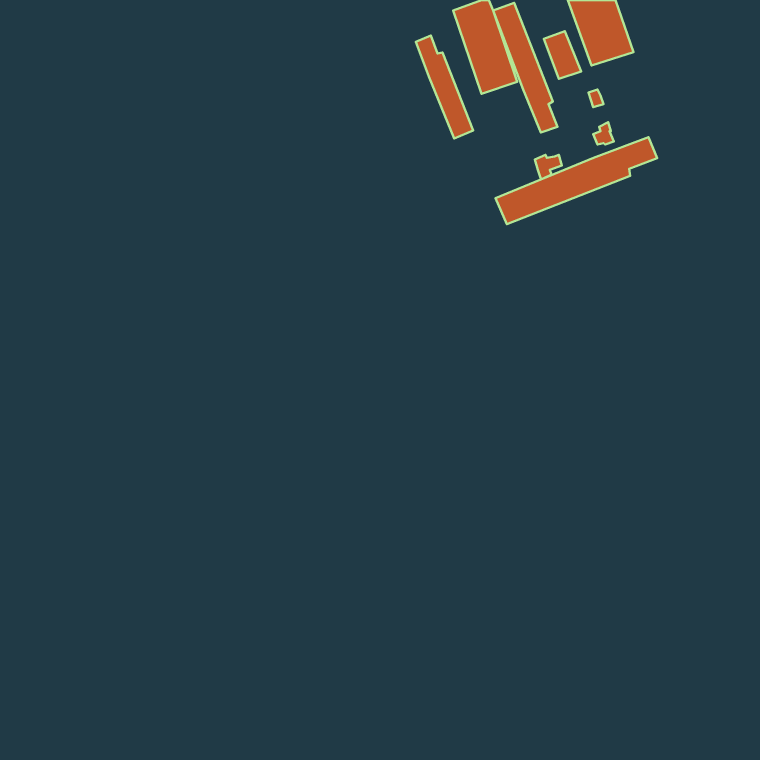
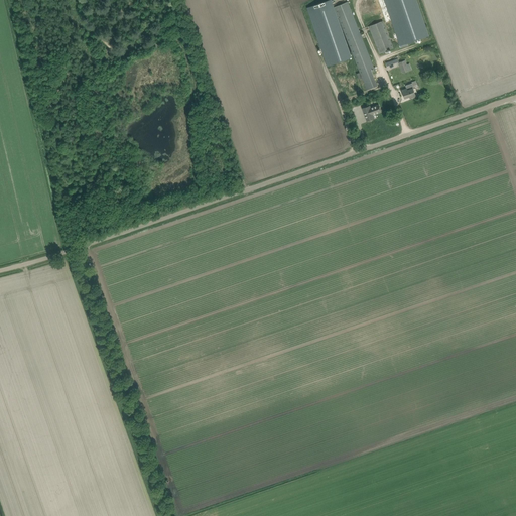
building: [416,36,473,139] -> none
building: [496,137,657,224] -> none

